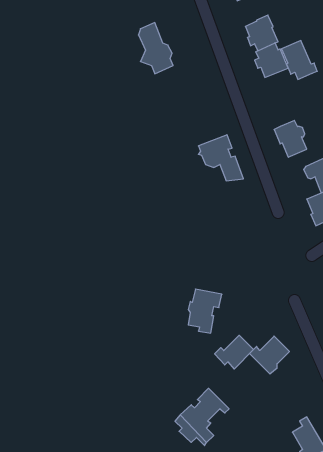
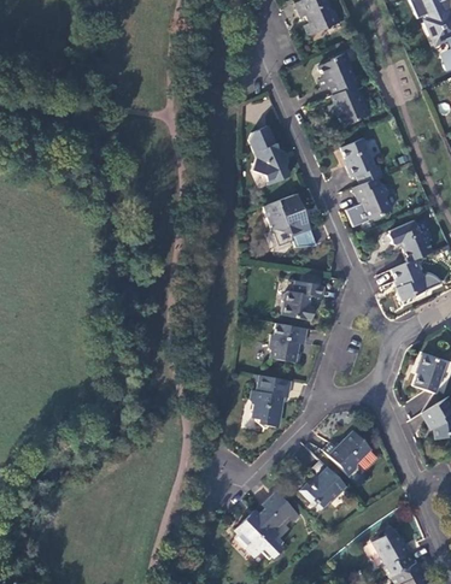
building: [138,23,173,74] -> [250,124,291,184]
building: [282,41,317,79] -> [341,137,383,183]
building: none -> [283,279,324,319]
building: none -> [270,323,307,362]
building: [215,335,253,369] -> [300,467,346,507]

